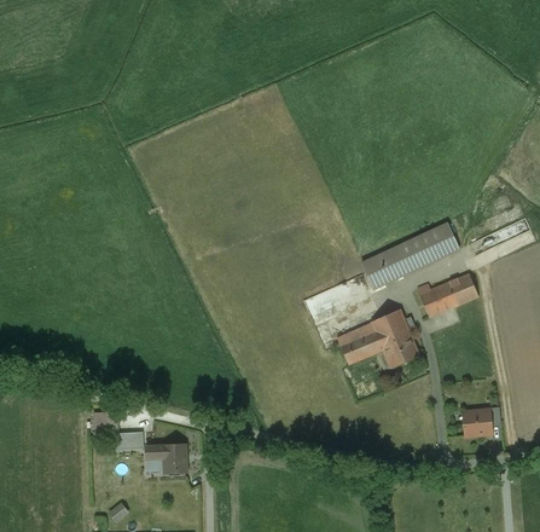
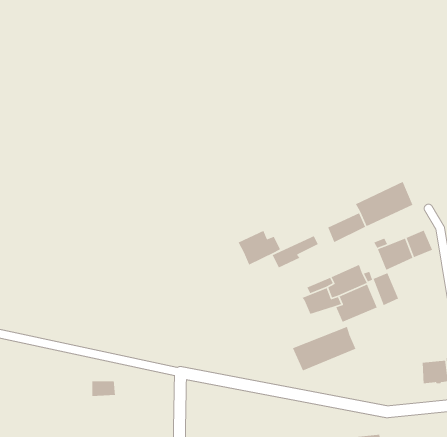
building: none -> [238,230,281,265]
building: none -> [373,272,399,306]
building: none -> [292,326,356,371]
building: [146,445,186,473] -> none

